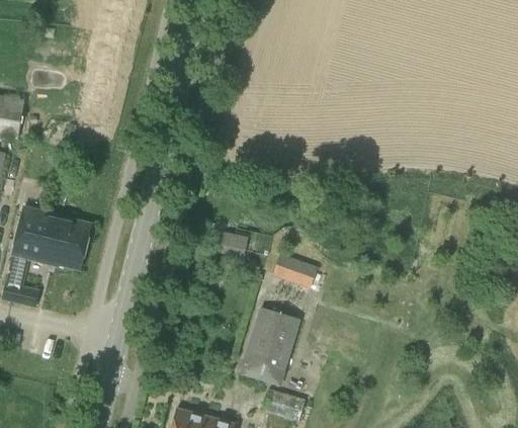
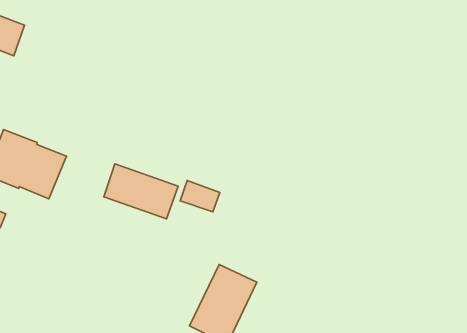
building: none -> [104,164,178,219]
building: [274,254,320,289] -> none

